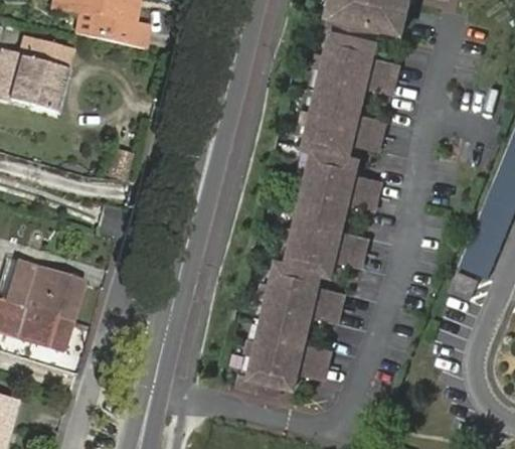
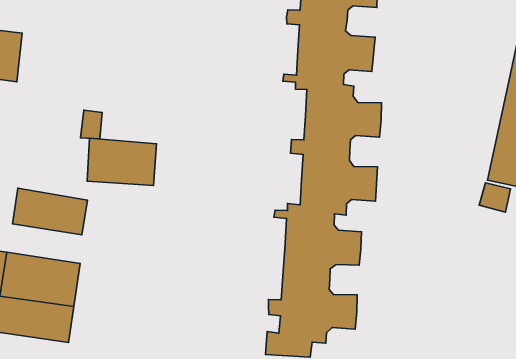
building: none -> [87,138,157,186]
building: none -> [12,188,88,235]

